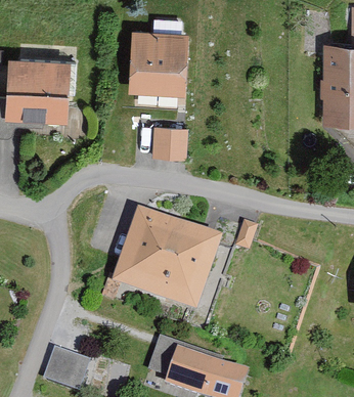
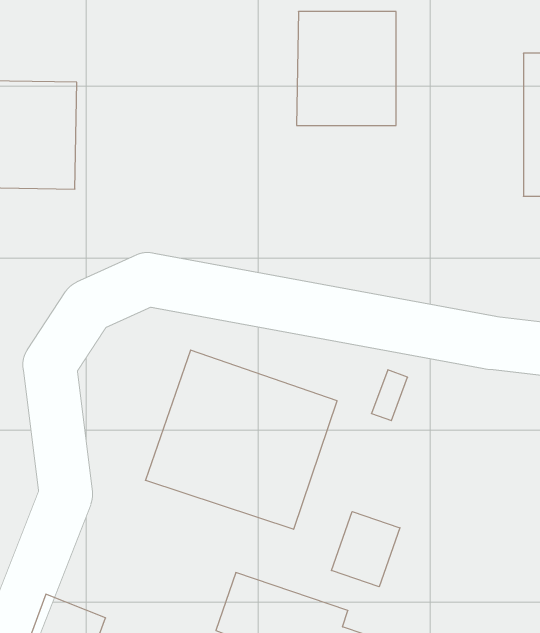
building: [128,28,184,92] -> [297,12,396,125]
building: [153,125,185,157] -> none
building: none -> [331,512,400,587]

